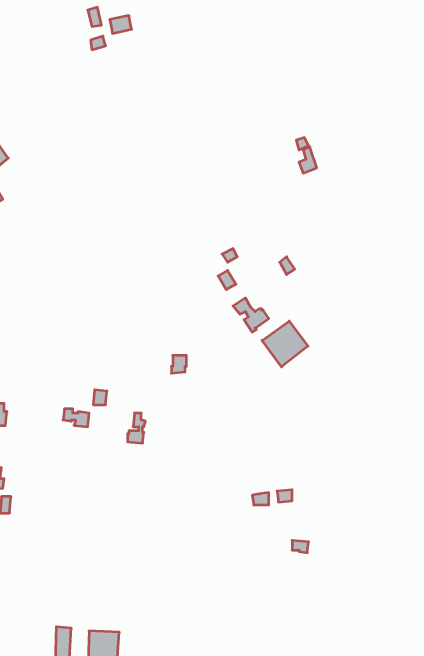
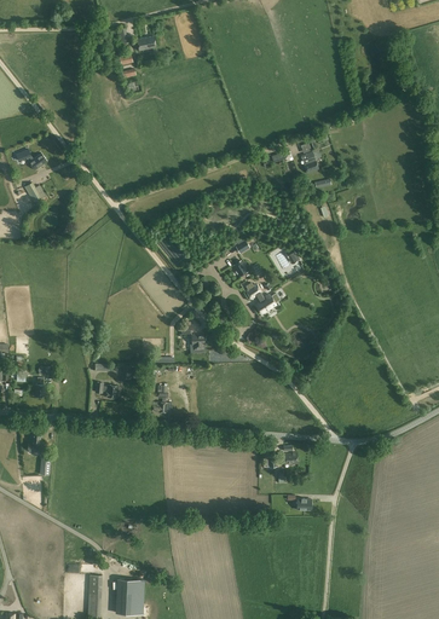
building: [262,321,308,367] -> none

